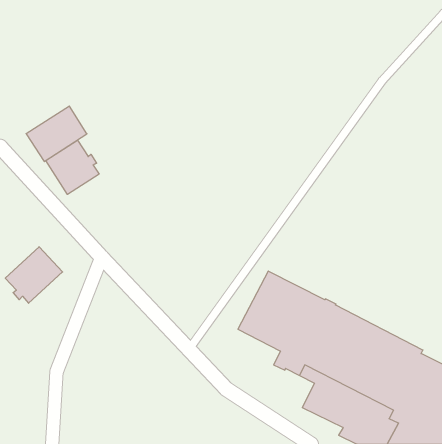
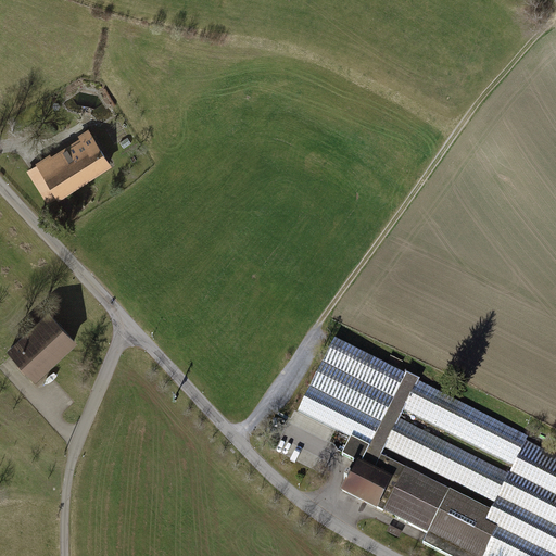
building: [46,140,99,194] -> none
building: none -> [343,460,395,511]

